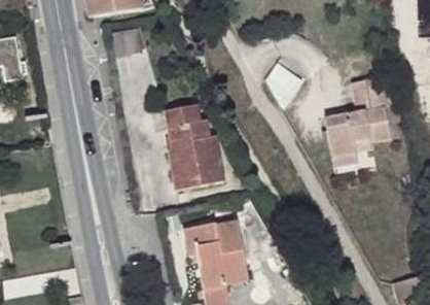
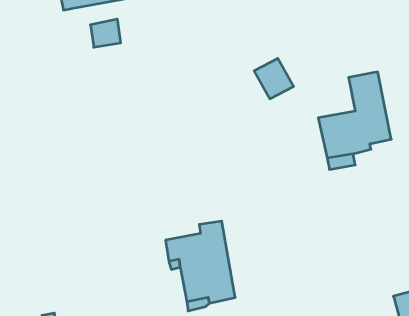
building: [167,105,221,189] -> none

